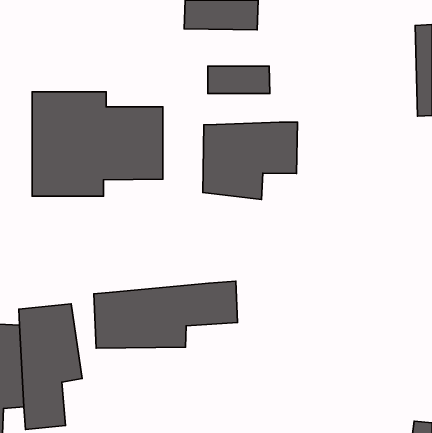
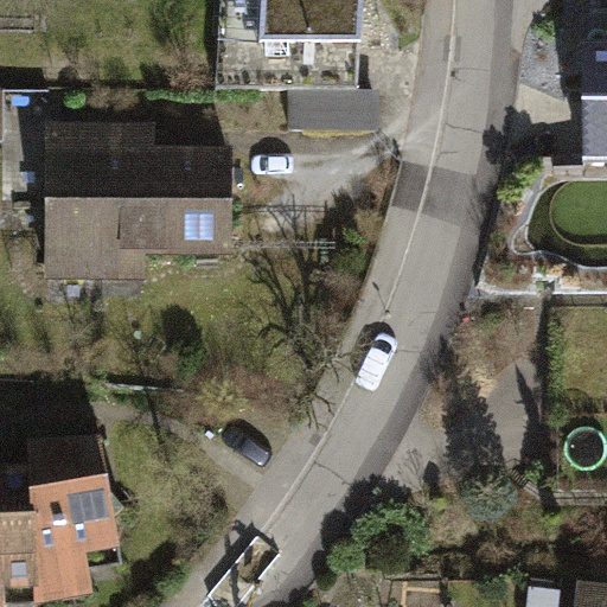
building: [203,122,297,200] -> none
building: [94,281,237,348] -> none

